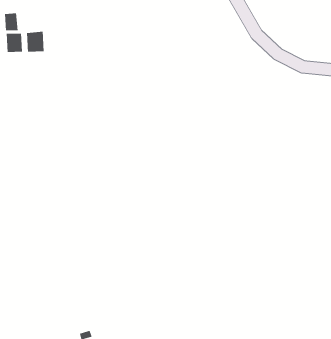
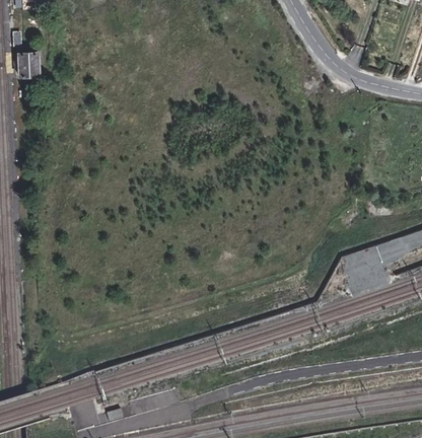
building: [27,31,44,52] -> none

